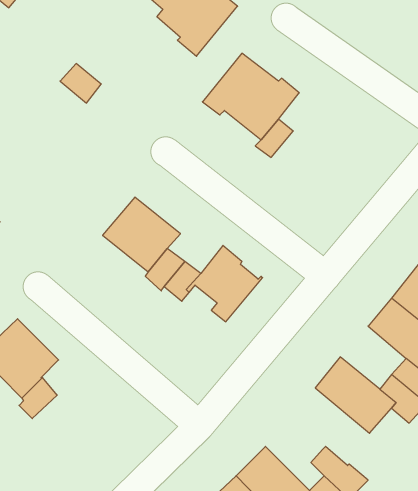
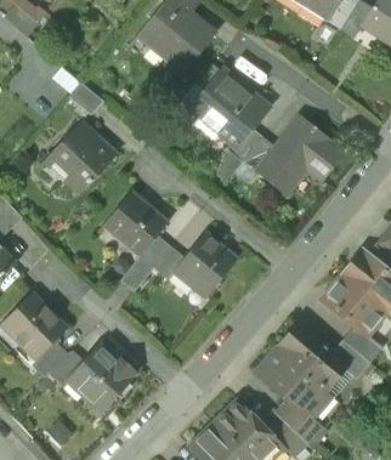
building: none -> [256,118,342,192]
building: none -> [49,121,112,191]
building: none -> [67,342,132,408]
building: none -> [257,351,325,415]

